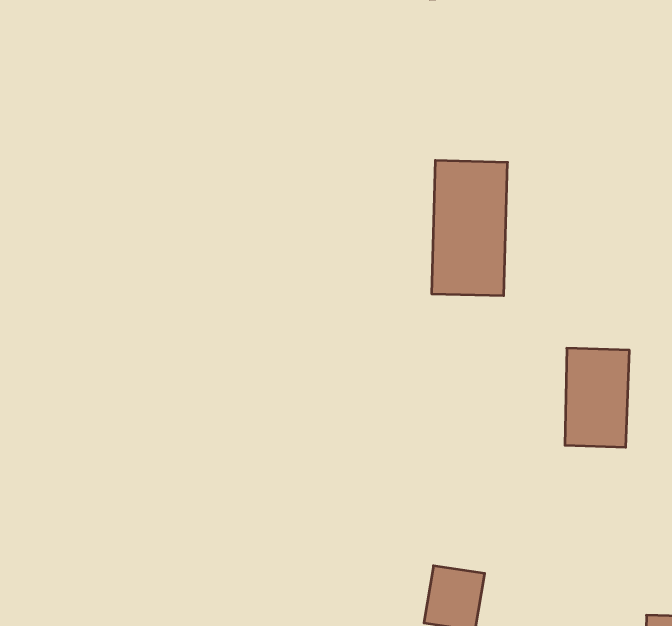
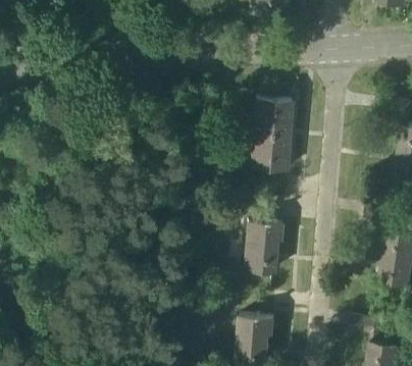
building: [565,348,629,447] -> [246,220,280,273]

